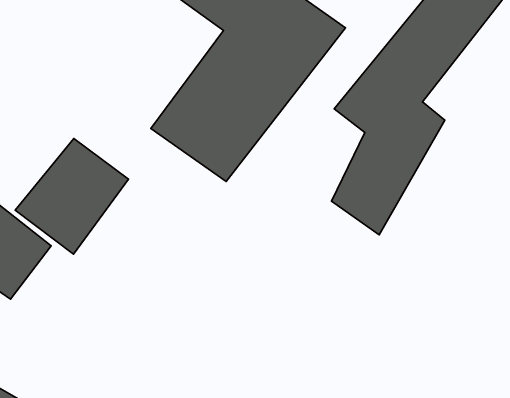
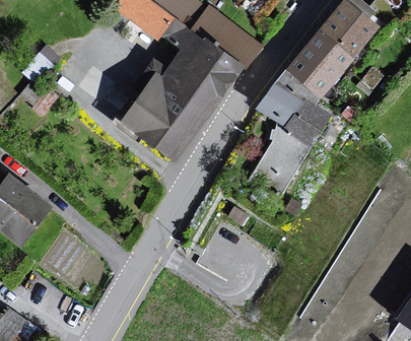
building: [15,138,128,254] -> none

